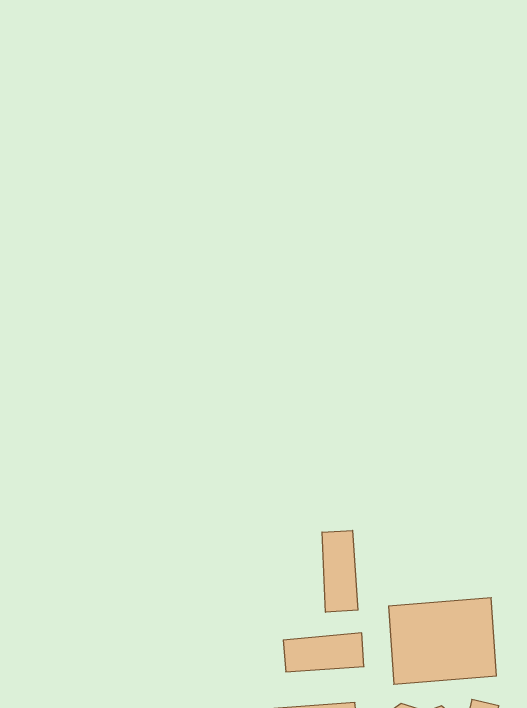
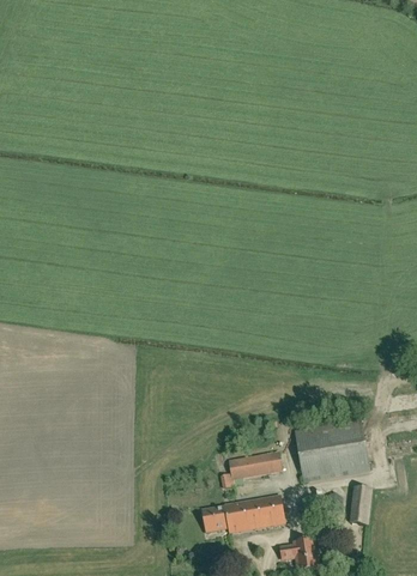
building: [322,530,358,612] -> none

